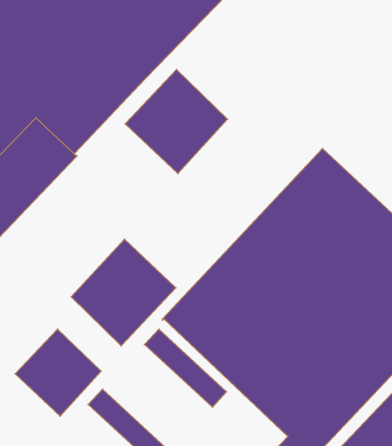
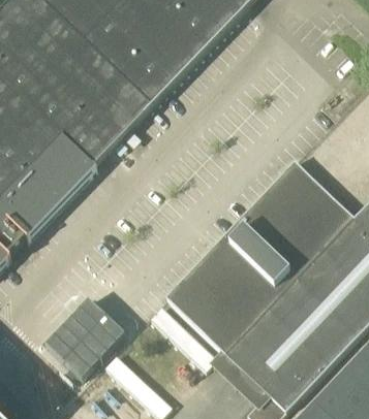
building: [125,69,228,173] -> none
building: [71,239,176,346] -> none

